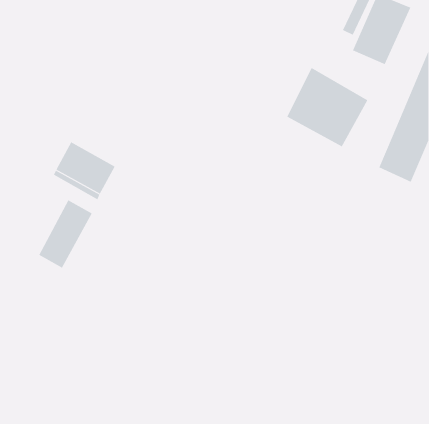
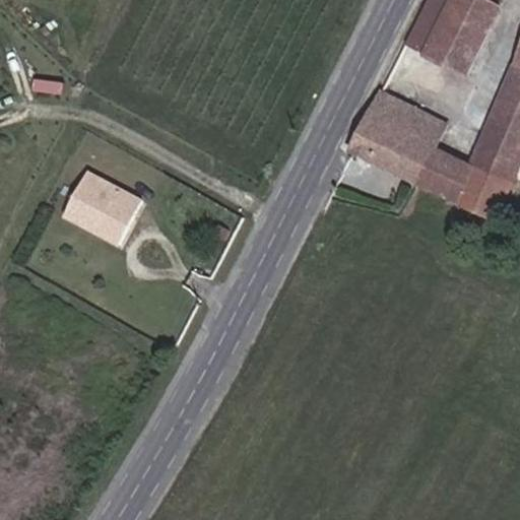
building: none -> [412,144,472,202]
building: [38,199,93,268] -> none

